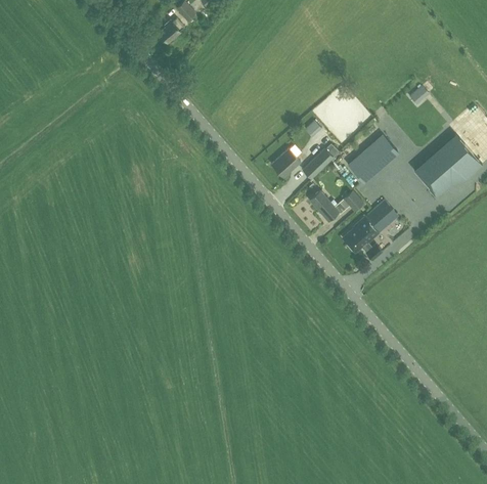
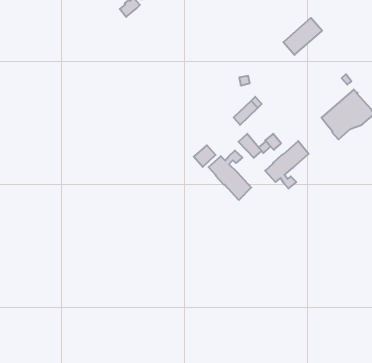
building: [348,135,397,182] -> [283,18,322,55]
building: [272,150,300,178] -> [194,145,216,167]
building: none -> [209,150,251,200]

